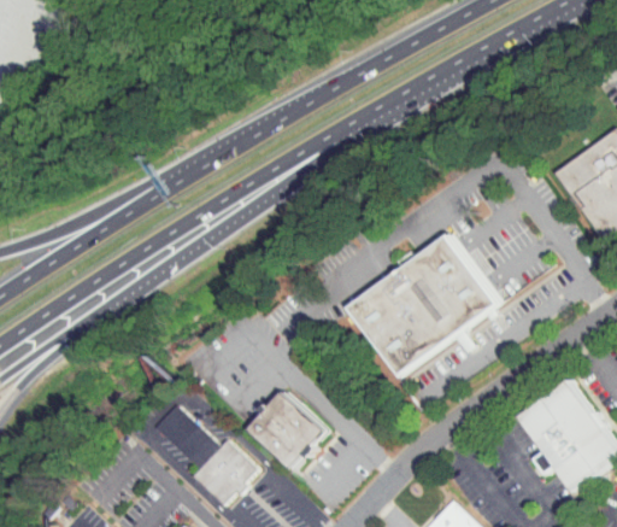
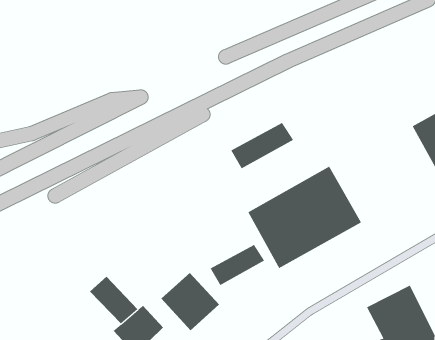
building: none -> [230,122,294,169]
building: none -> [210,244,265,286]

